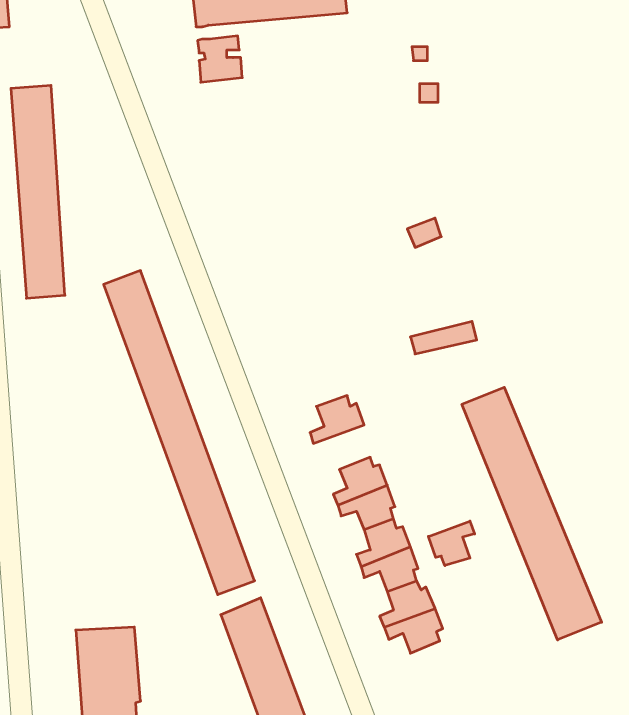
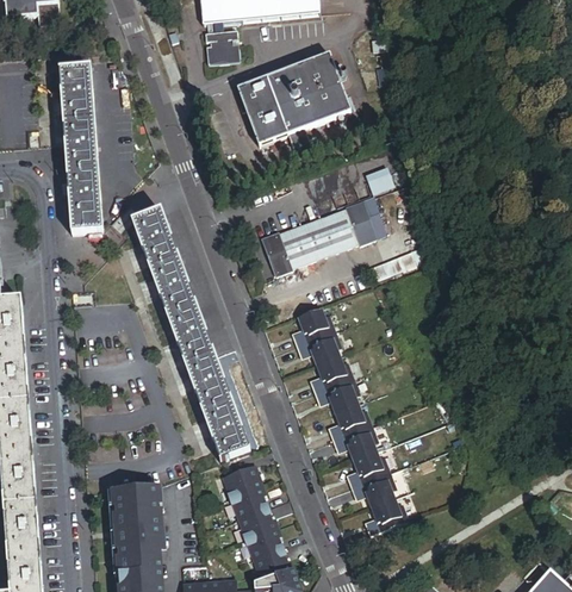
building: none -> [237,56,349,150]
building: none -> [261,195,386,275]
building: [462,387,602,640] -> none
building: none -> [294,330,340,364]
building: [428,521,475,566] -> none
building: none -> [363,497,406,534]

